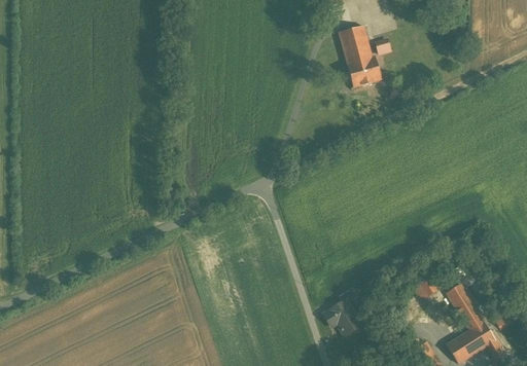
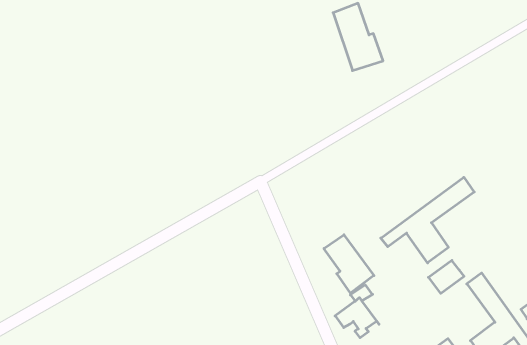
building: none -> [381,177,474,263]
building: none -> [324,235,374,293]

